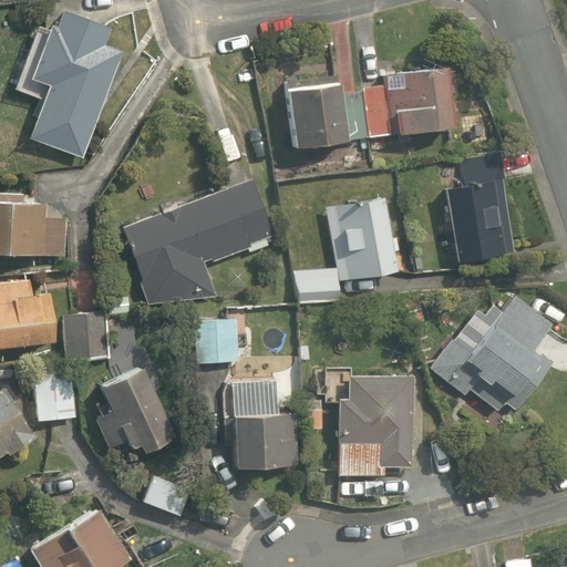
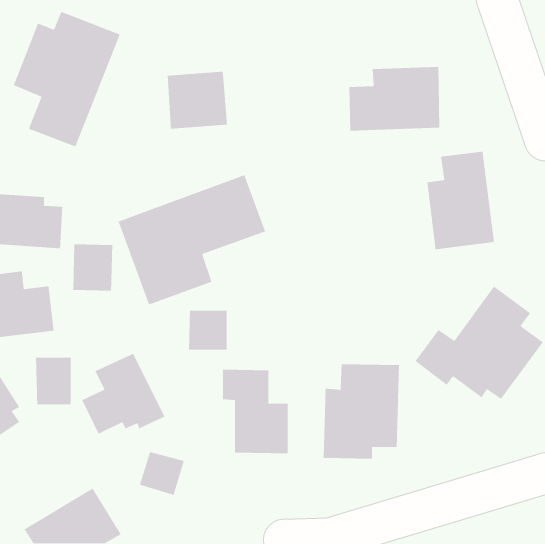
building: [289,78,352,138] -> [167,71,228,130]
building: [289,195,403,296] -> none
building: [65,309,107,359] -> [72,243,113,291]

